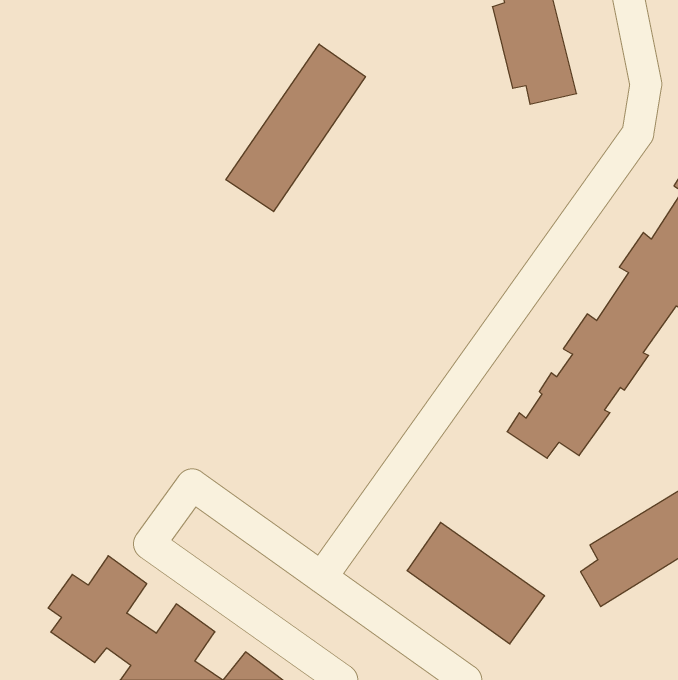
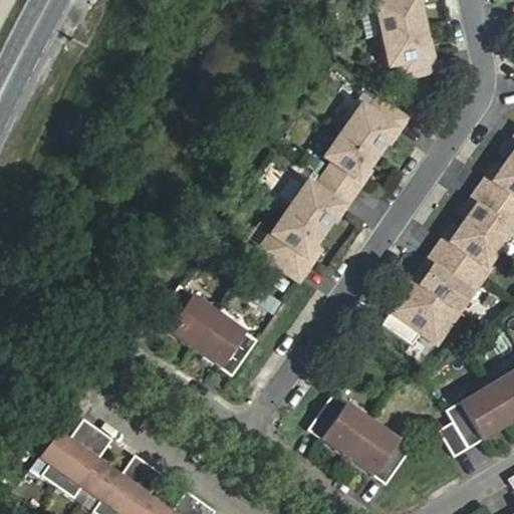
building: [226,44,365,212] -> none
building: none -> [260,96,407,280]
building: none -> [155,284,259,375]

